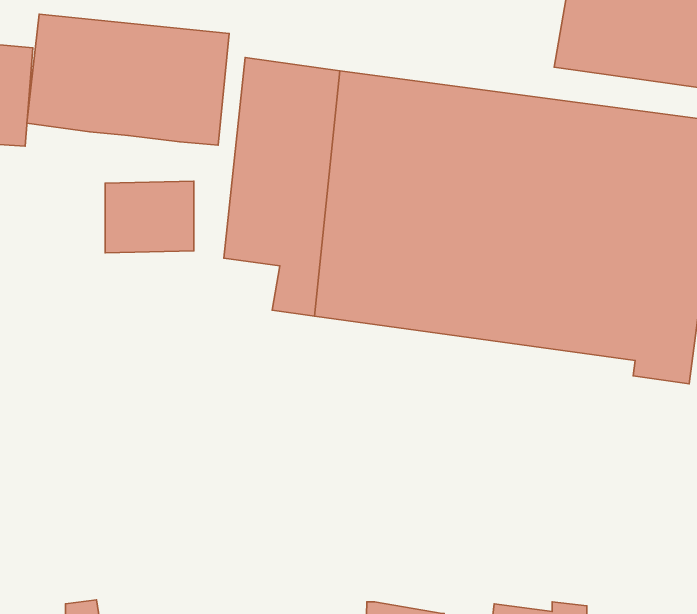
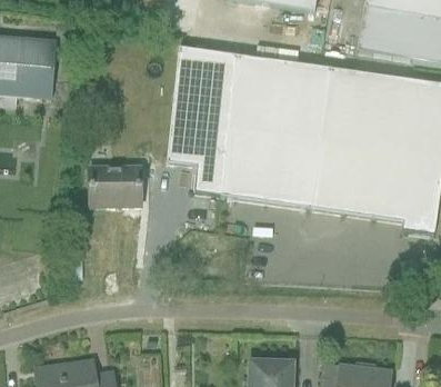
building: [27,14,229,145] -> none
building: [105,181,194,253] -> [90,166,141,207]

